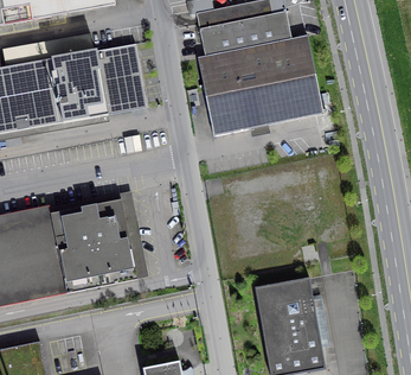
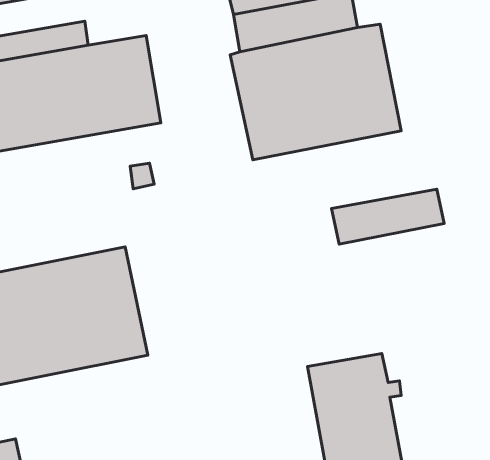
building: none -> [331,189,444,244]

